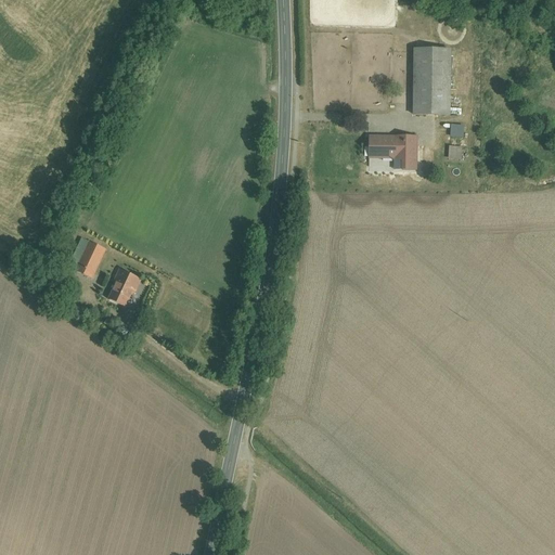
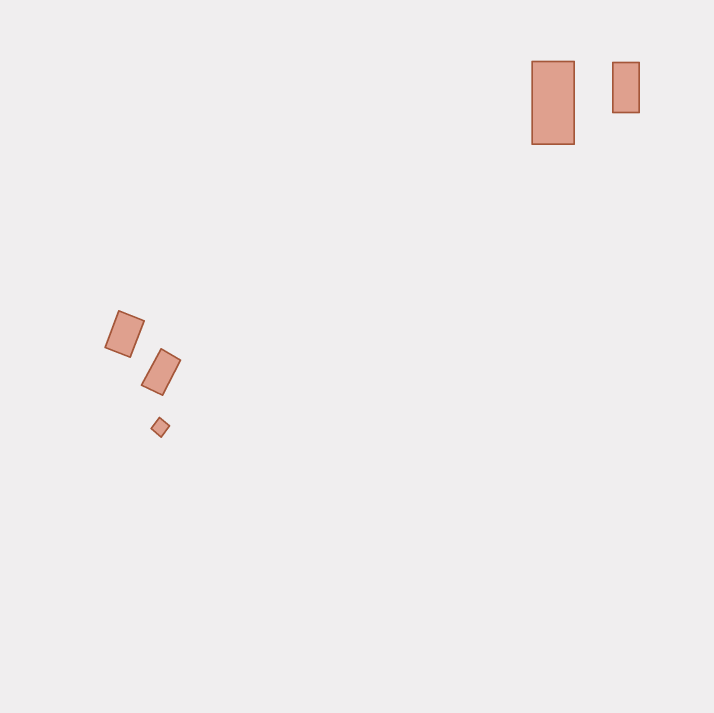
building: none -> [613,62,639,112]
building: [367,133,417,173] -> none

